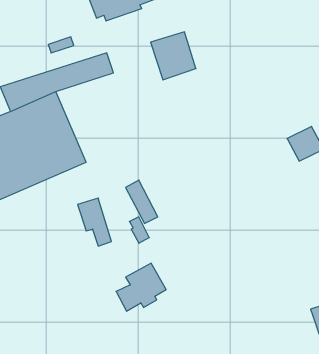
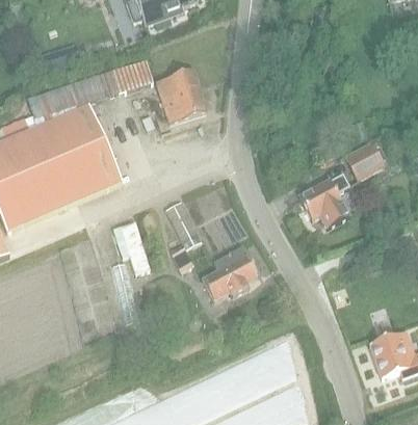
building: [151,32,196,80] -> [155,70,205,123]
building: none -> [297,174,347,228]
building: [116,263,166,311] -> [202,246,257,299]

